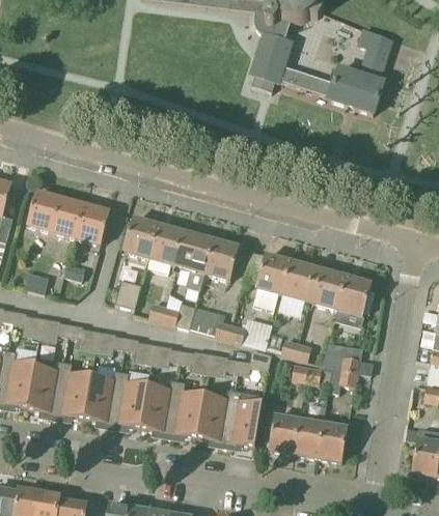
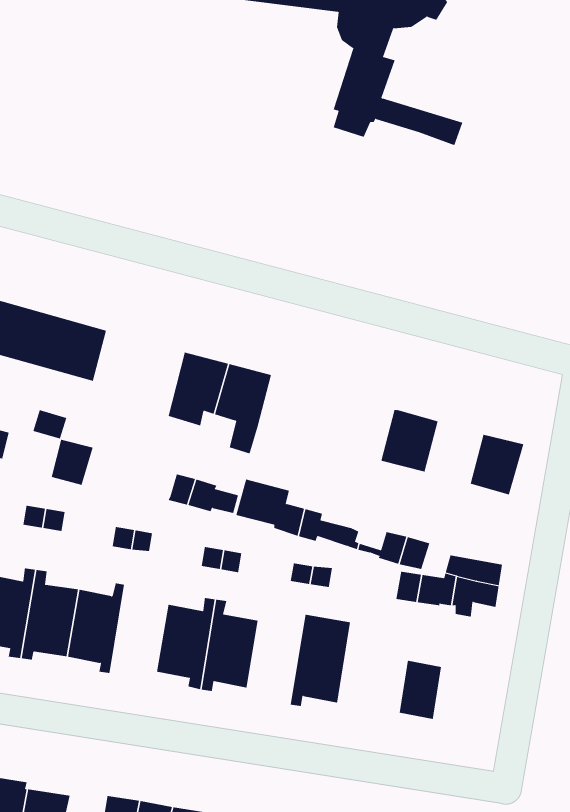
building: [328,28,390,112] -> none
building: [124,218,158,257] -> none
building: [204,239,239,279] -> none
building: [252,254,290,308] -> none
building: [309,268,346,308] -> none
building: [114,279,141,308] -> [51,439,94,485]
building: [111,371,147,429] -> none
building: [197,389,234,447] -> none
building: [268,414,298,452] -> none
building: [314,423,347,460] -> none

